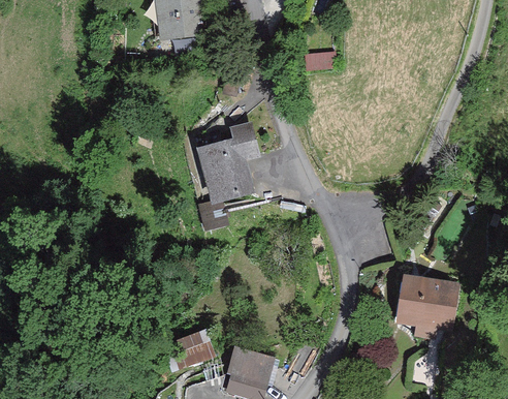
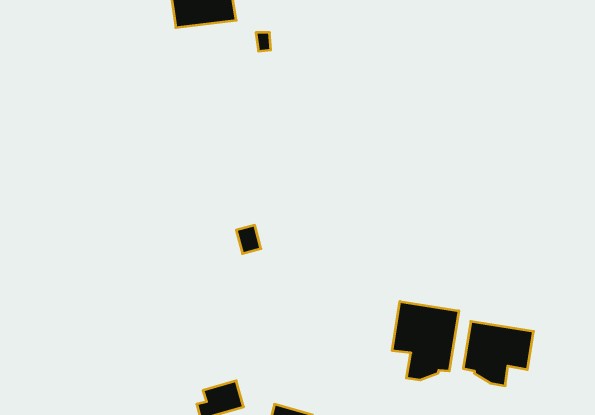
building: [203,125,256,197] -> none
building: none -> [392,301,459,380]

